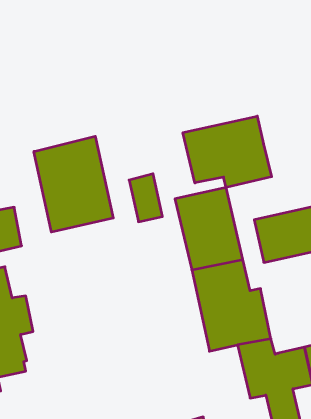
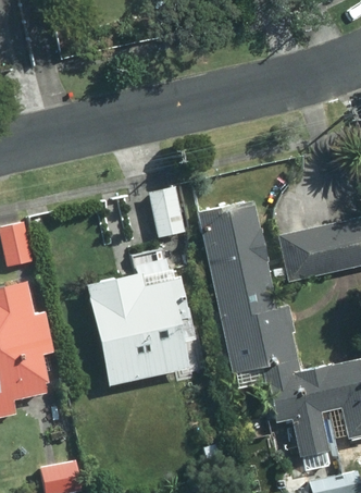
building: [183,116,272,187] -> none
building: [34,136,113,232] -> none
building: none -> [86,274,192,386]

